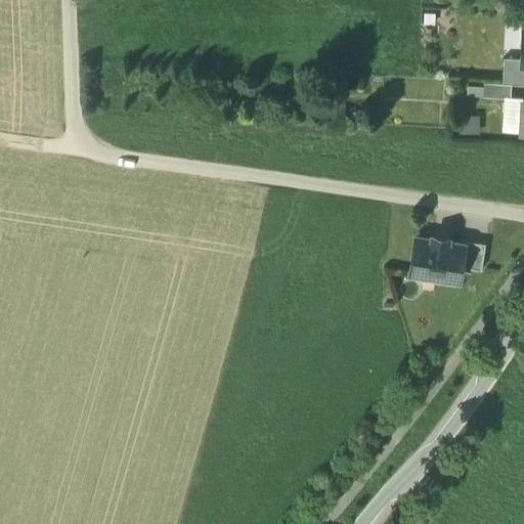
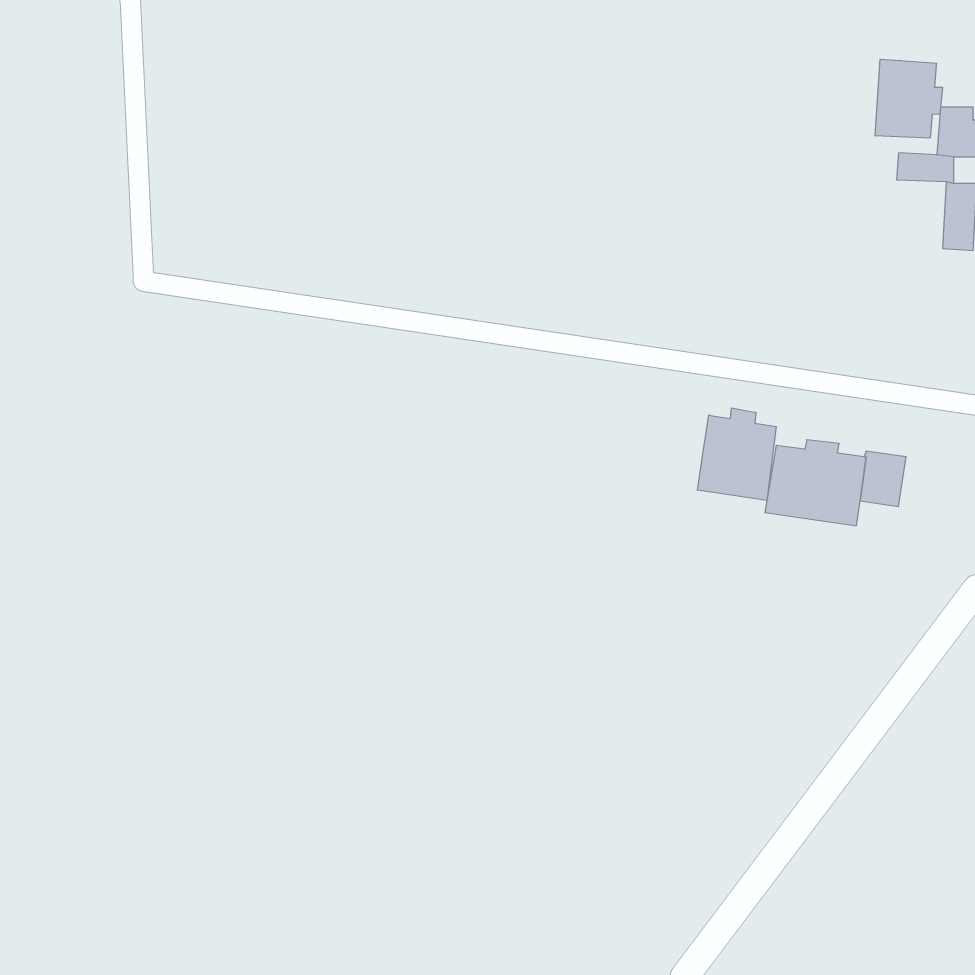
building: none -> [875,59,942,138]
building: none -> [698,408,776,500]

